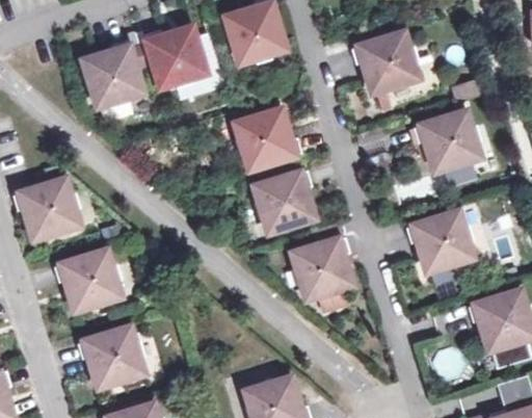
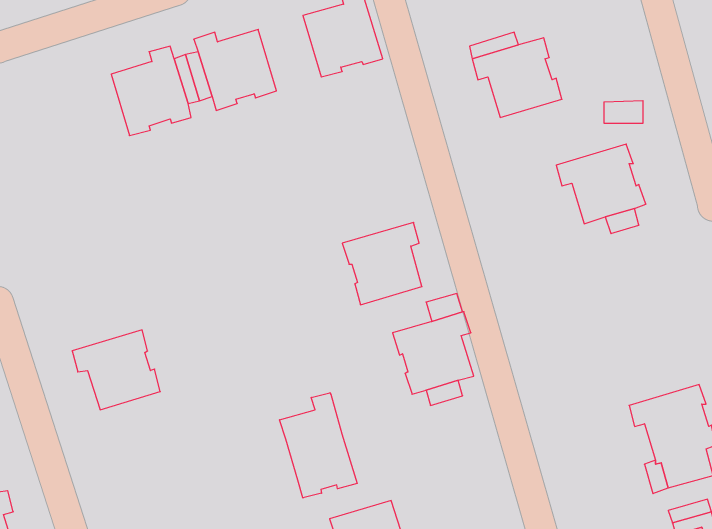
building: [236,110,303,169] -> none
building: [14,180,79,239] -> none
building: [406,213,474,272] -> none
building: none -> [280,393,357,498]
building: [78,329,144,388] -> none

